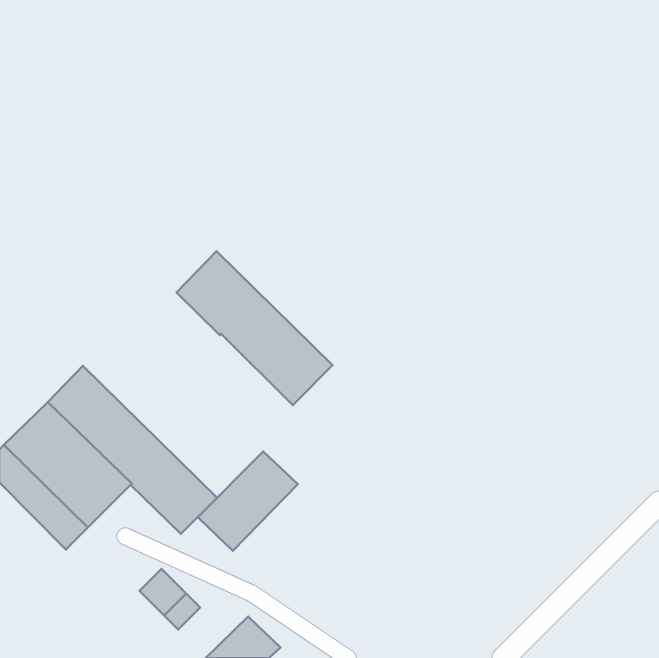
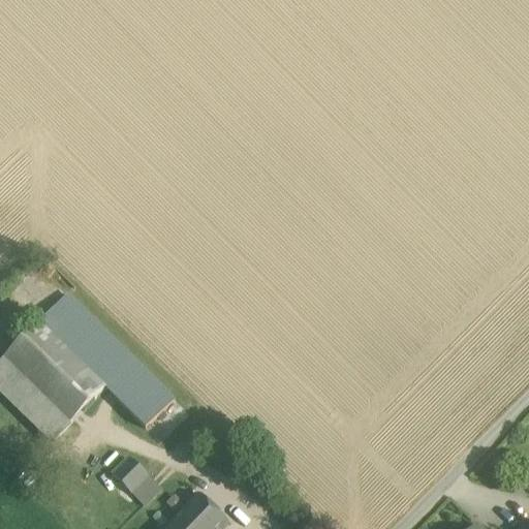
building: [176,251,333,405] -> none
building: [198,451,298,551] -> none

